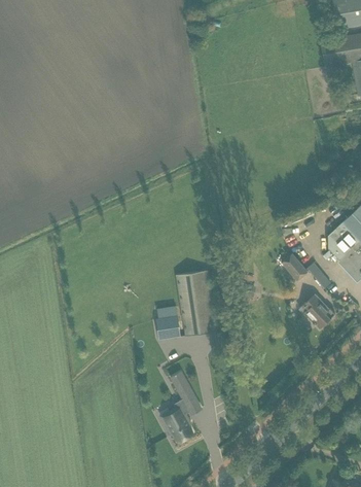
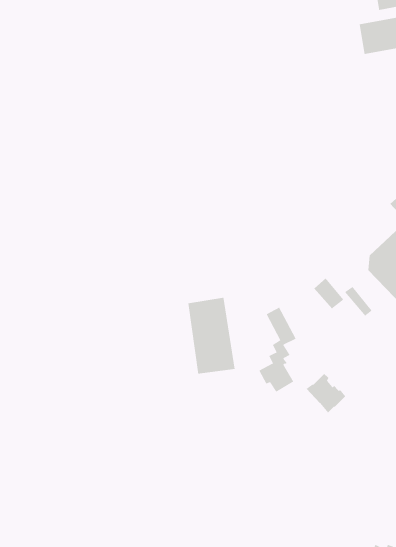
building: [300,293,334,327] -> [306,373,346,413]
building: [156,305,179,338] -> none
building: [164,370,195,442] -> [259,307,296,393]

